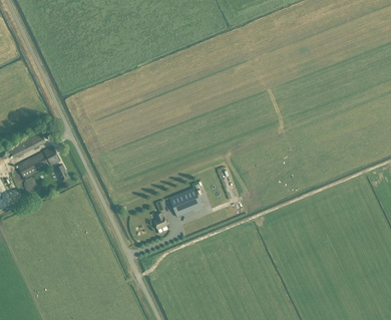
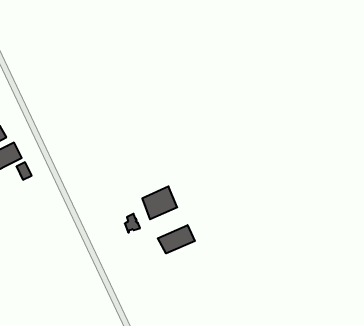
building: none -> [158,225,195,253]

